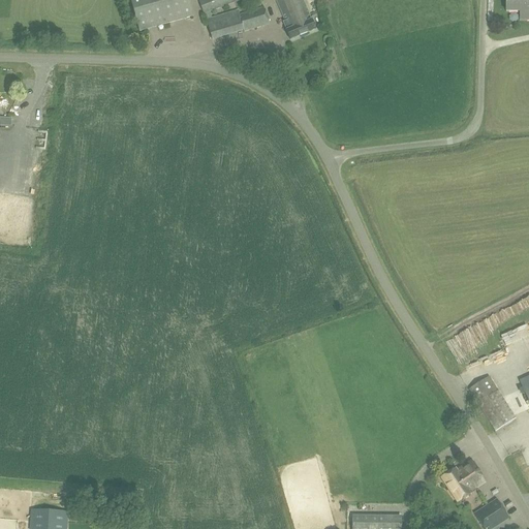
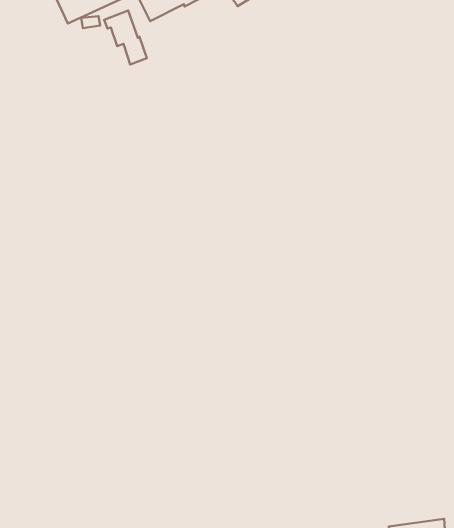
building: none -> [104,10,147,65]

